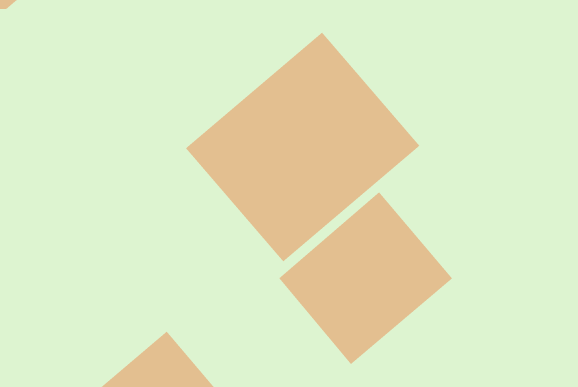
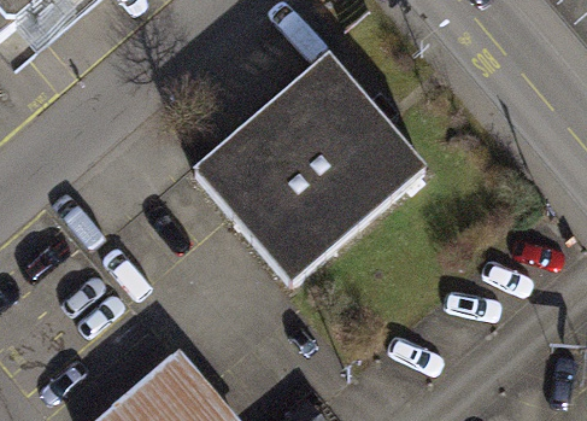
building: [278,191,453,365] -> none

